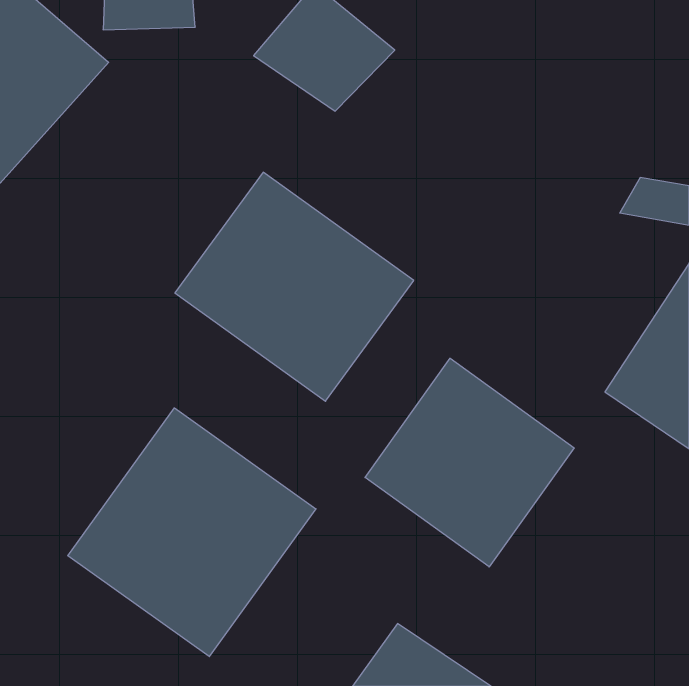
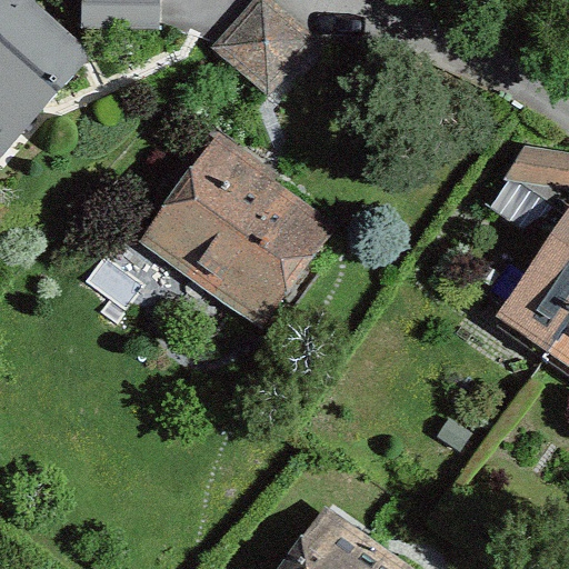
building: [365,358,574,567] -> none
building: [68,408,316,657] -> none

